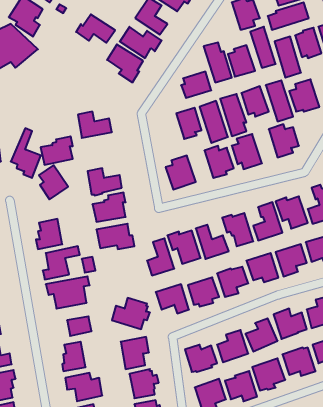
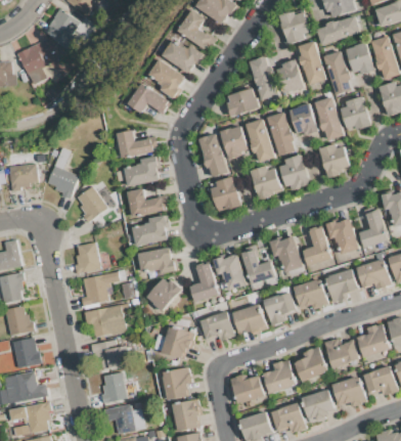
building: [76,14,115,43] -> [128,84,169,114]
building: none -> [200,134,228,177]
building: [41,136,73,165] -> [125,157,159,186]
building: none -> [145,277,181,312]

